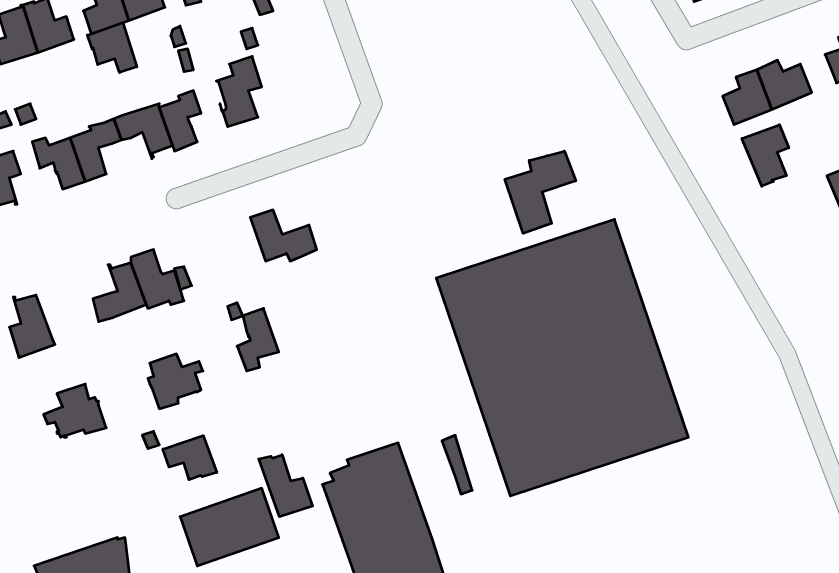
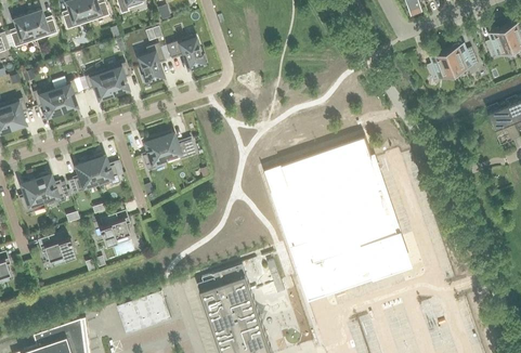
building: [87,23,137,73] -> none
building: none -> [166,36,207,68]
building: [742,125,789,186] -> none
building: [505,151,576,233] -> none
building: none -> [34,172,65,206]
building: [237,308,279,371] -> [142,135,166,171]
building: [163,436,217,480] -> none
building: [259,455,313,517] -> none

